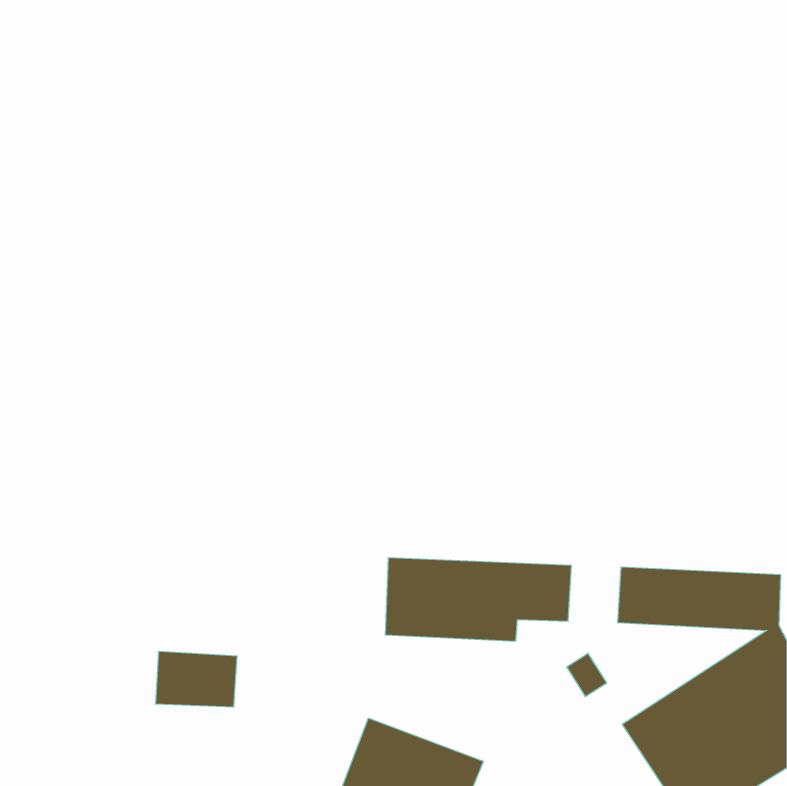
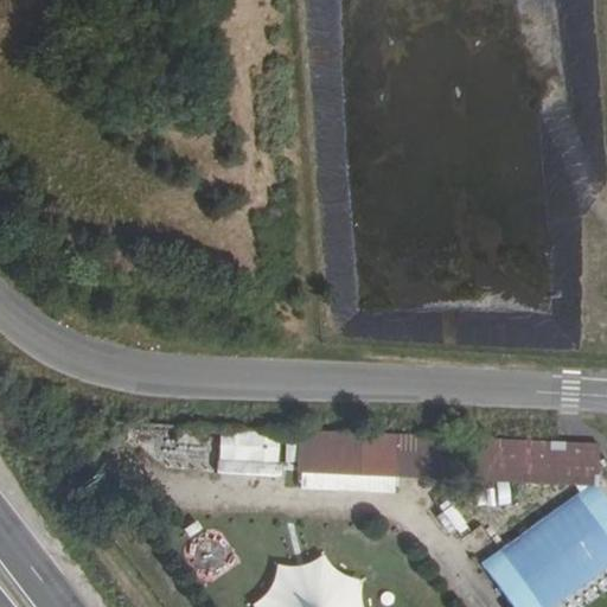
building: [155,651,237,707] -> [217,432,280,474]

